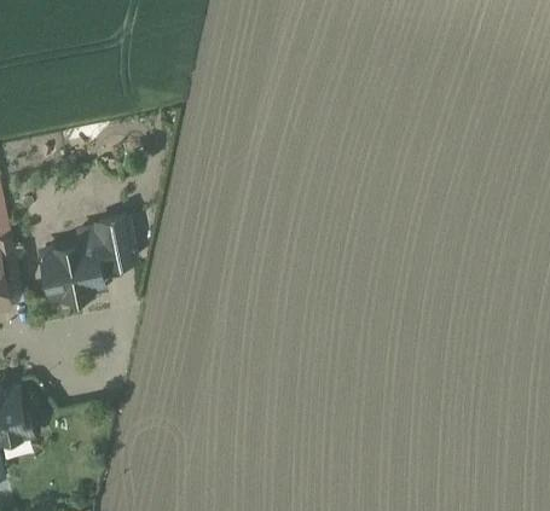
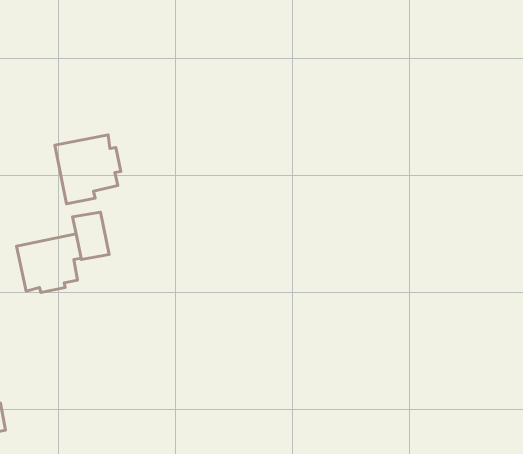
building: none -> [55,135,121,204]

